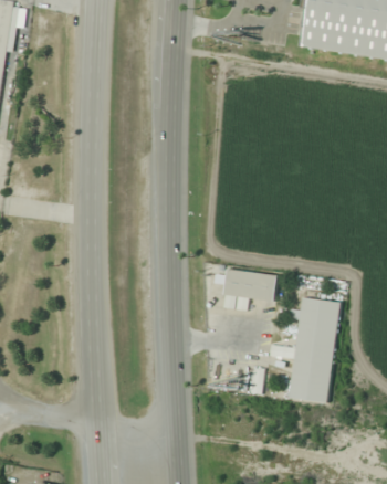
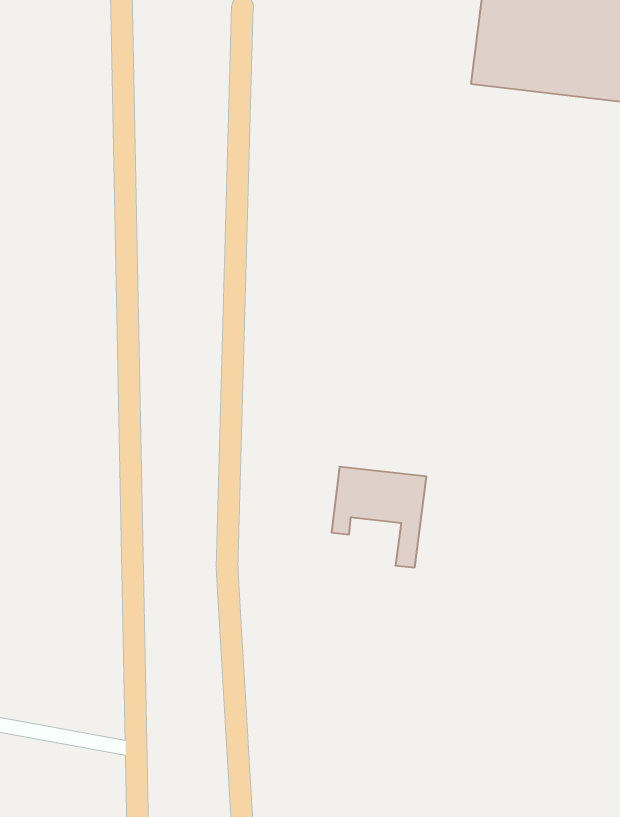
building: [287,296,338,401] -> none

